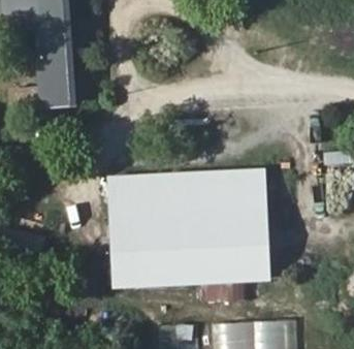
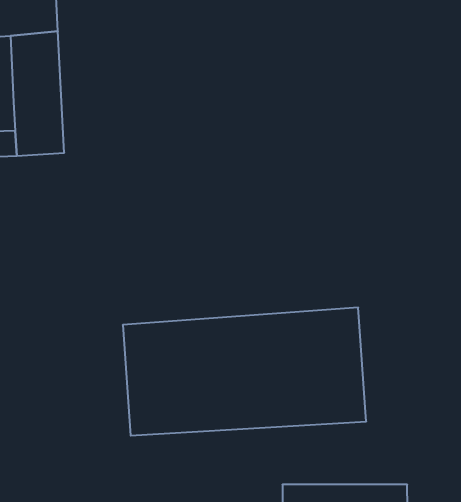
building: [107,168,264,216] -> none

